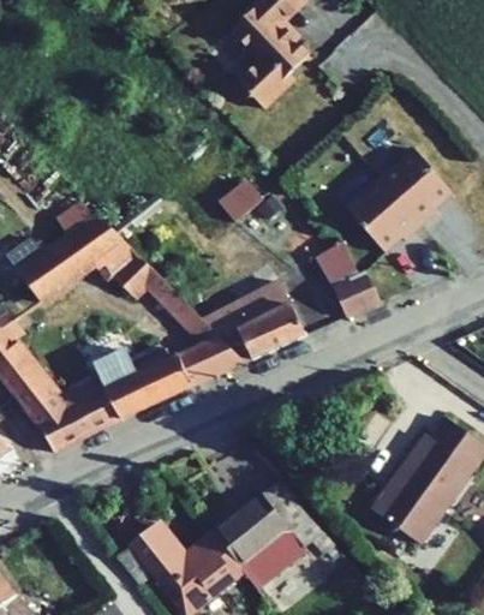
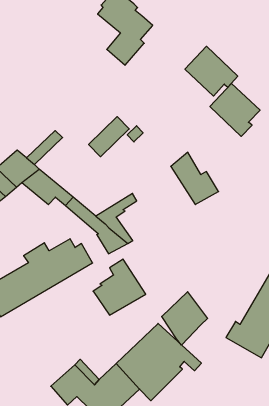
building: [346,179,420,251] -> [185,46,238,96]
building: [232,282,306,360] -> [93,259,146,315]
building: none -> [162,292,208,345]

